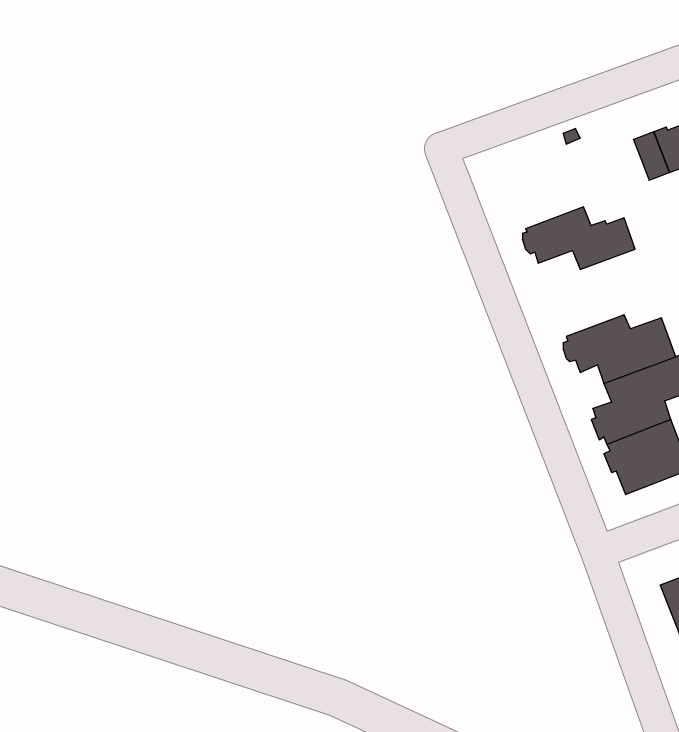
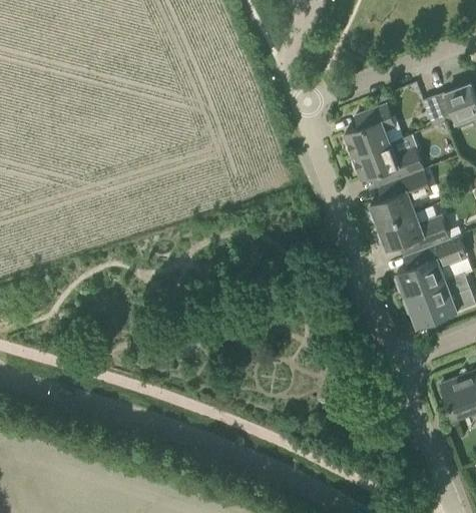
building: none -> [345,104,392,157]
building: none -> [371,170,433,226]

